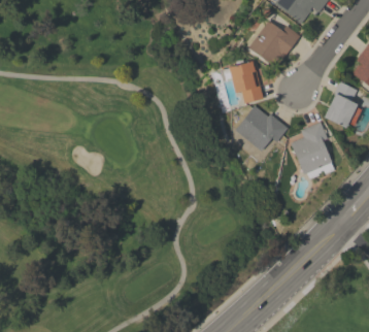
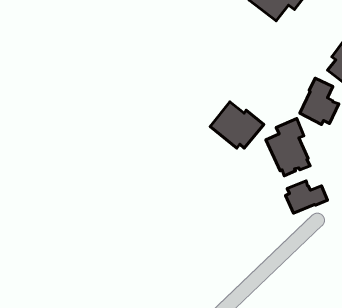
building: [248,21,299,65] -> none
building: [220,61,263,103] -> none
building: none -> [285,181,328,213]

